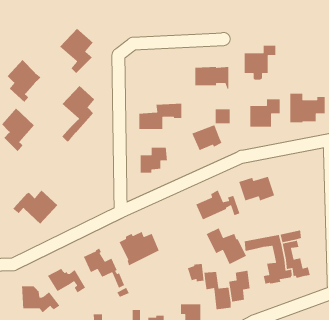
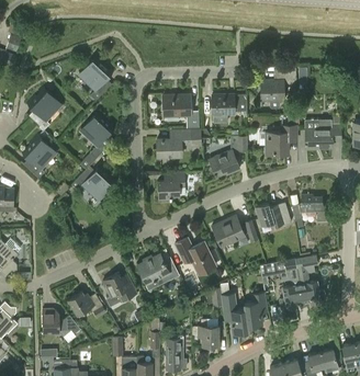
building: none -> [162,96,199,128]
building: none -> [292,195,325,221]
building: [12,190,58,224] -> [71,167,116,201]
building: [206,227,247,265] -> [175,239,215,276]

